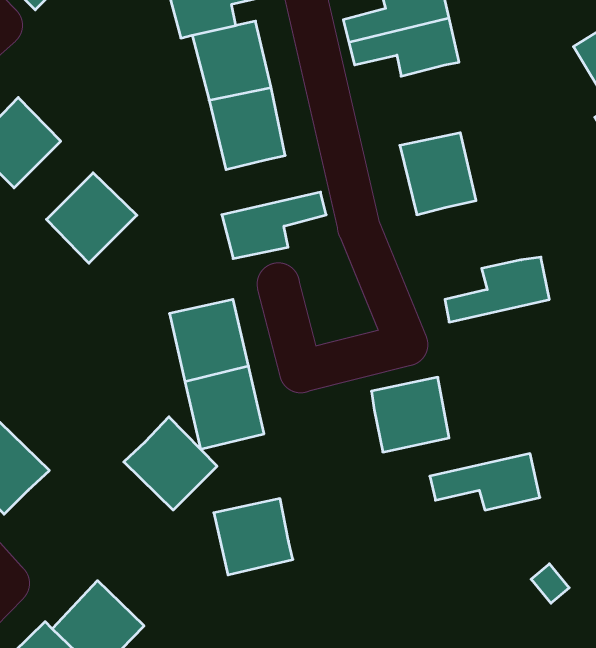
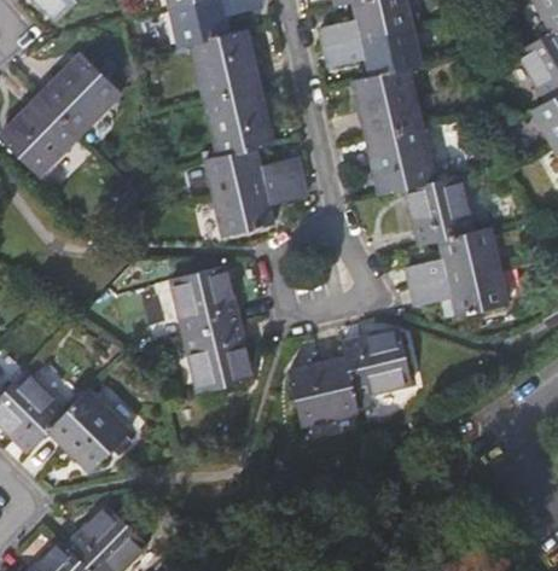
building: none -> [353,66,419,135]
building: none -> [205,147,300,194]
building: [46,173,137,263] -> [41,54,118,132]
building: none -> [406,176,471,245]
building: [124,417,217,510] -> [50,391,129,471]
building: [430,454,540,510] -> [409,267,504,315]
building: [214,499,293,575] -> [289,361,356,426]

